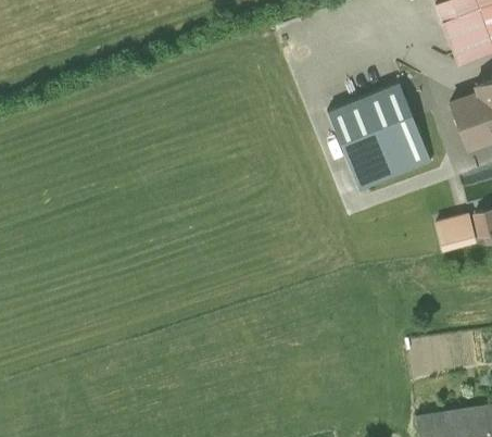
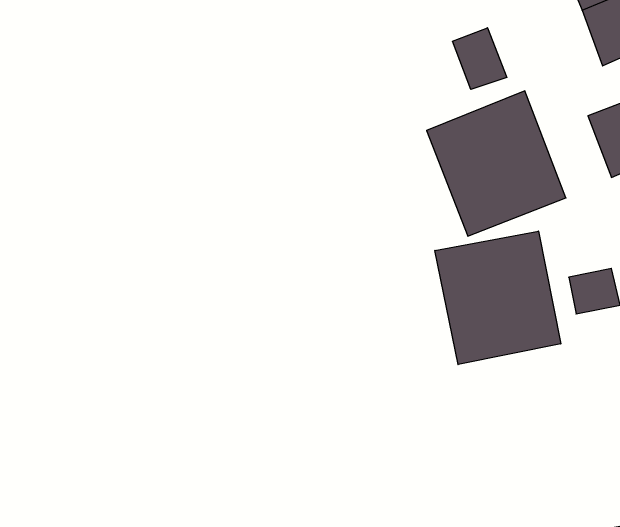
building: none -> [453,28,507,89]
building: none -> [435,231,561,365]

